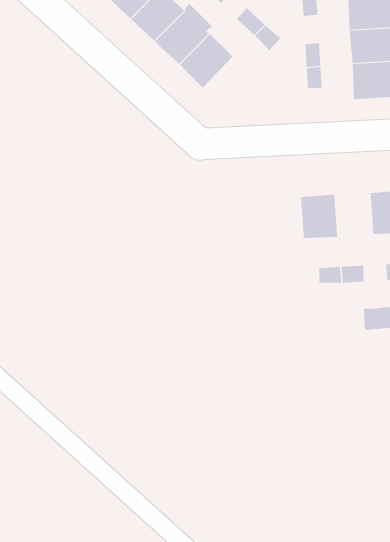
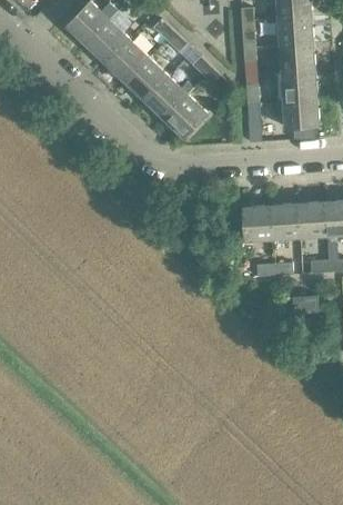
building: none -> [163,95,208,139]
building: none -> [269,204,299,239]

